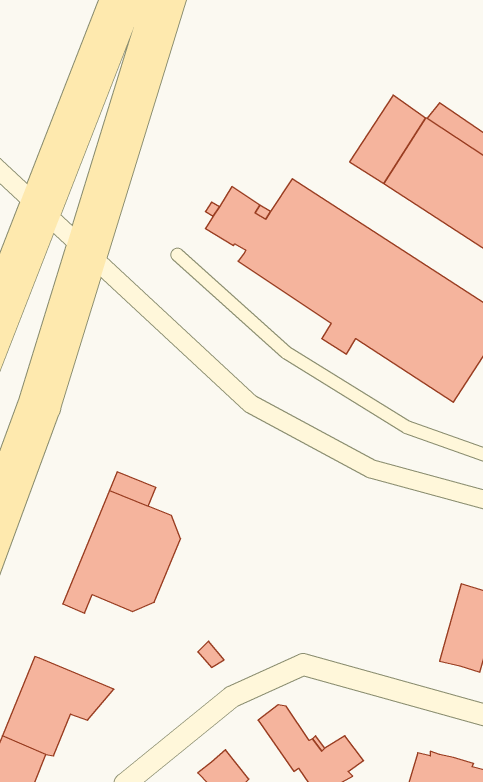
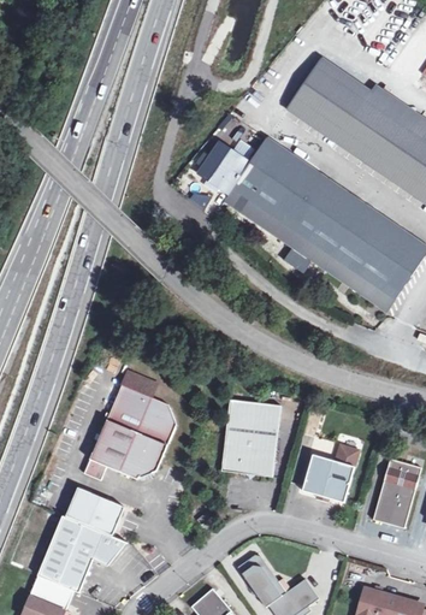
building: none -> [283,61,341,129]
building: none -> [224,400,285,478]
building: none -> [304,444,361,499]
building: none -> [66,485,120,532]

